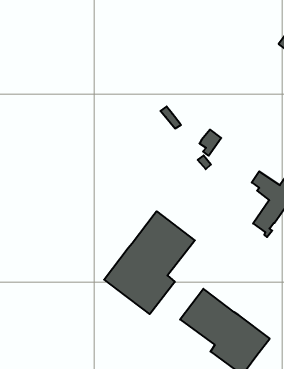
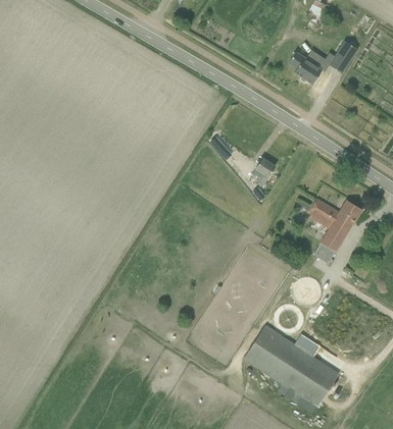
building: none -> [289,50,323,84]
building: [104,211,195,314] -> none

